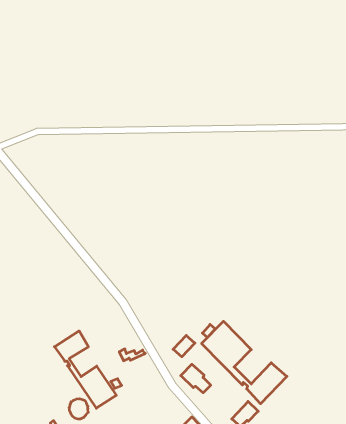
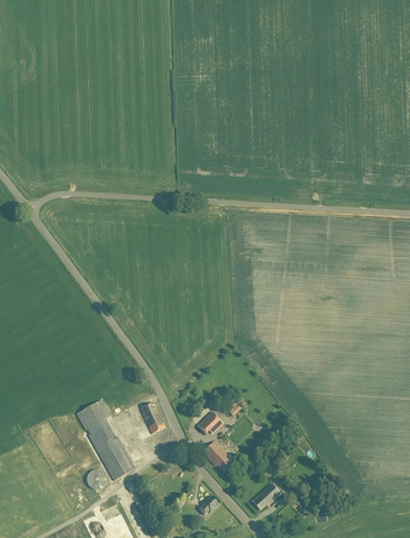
building: [202,321,287,404] -> none

